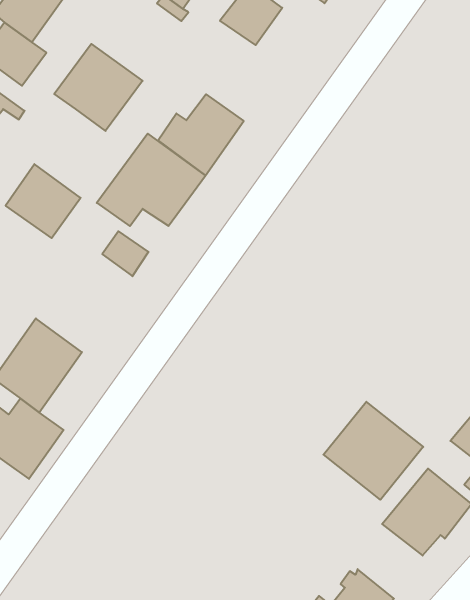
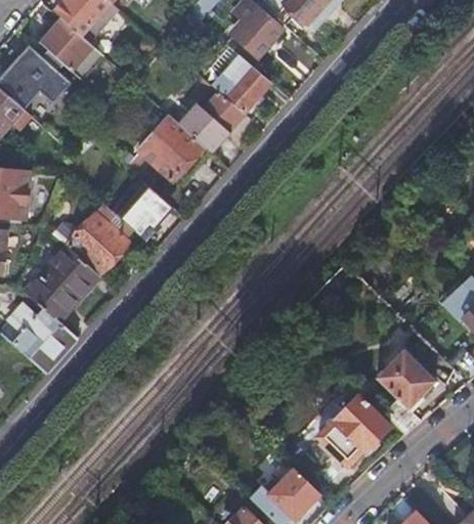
building: none -> [209,50,270,114]
building: [54,44,143,131] -> none
building: [6,164,81,238] -> [69,214,127,272]
building: [323,402,423,500] -> none

